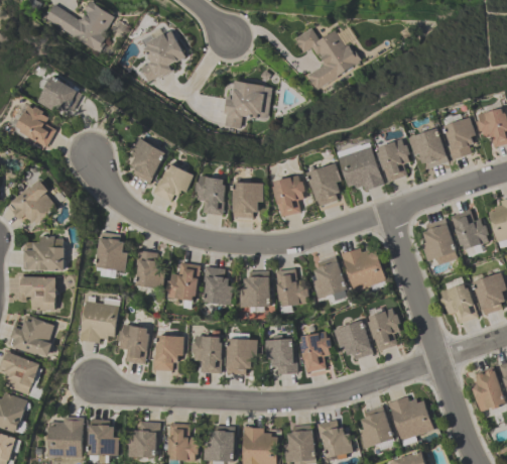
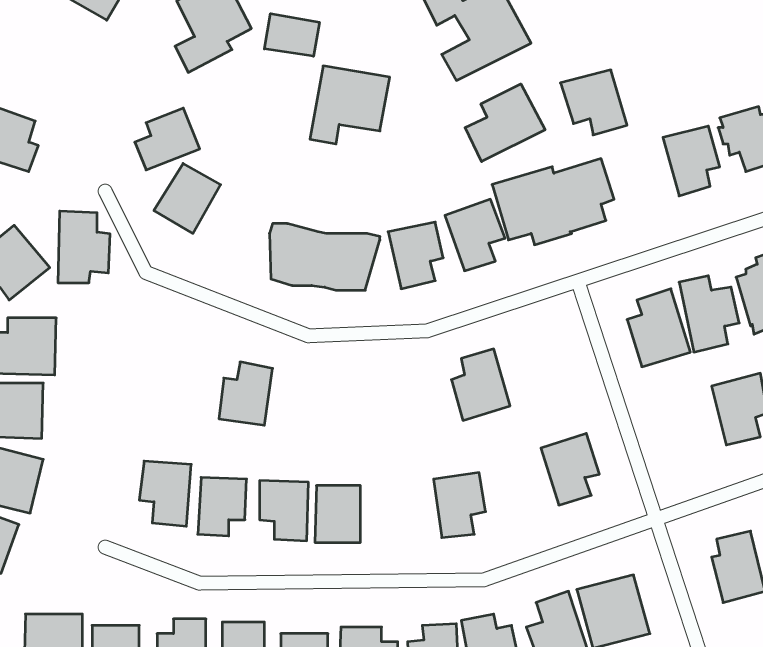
building: none -> [264,14,319,56]
building: [39,77,83,116] -> none
building: none -> [465,84,545,162]
building: [407,128,449,168] -> [560,70,627,135]
building: [154,164,195,203] -> [135,108,200,170]
building: [96,232,128,276] -> [58,211,110,283]
building: [341,246,386,294] -> none
building: [135,252,163,287] -> none
building: [202,268,231,307] -> none
building: [274,269,307,308] -> none
building: [438,276,478,324] -> none
building: [241,278,269,310] -> none
building: [78,294,120,344] -> none
building: [333,321,372,360] -> none
building: [265,339,295,374] -> none

